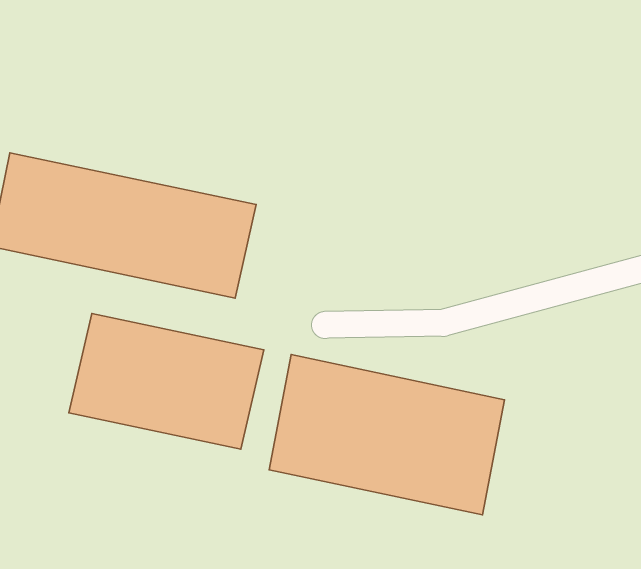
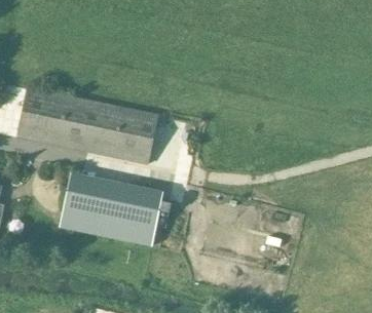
building: [269,355,504,515] -> none

